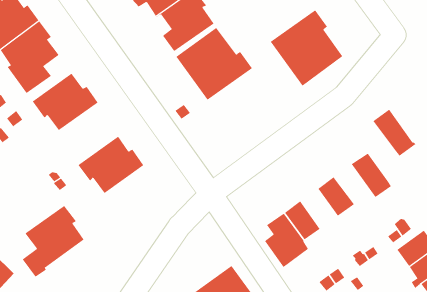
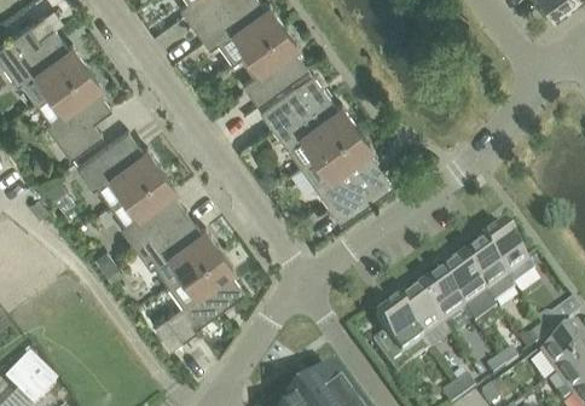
building: [270,10,343,87] -> [297,120,390,218]
building: none -> [109,163,185,243]
building: [372,109,416,156] -> [458,242,514,302]
building: none -> [416,273,463,324]
building: [22,205,85,277] -> [163,243,243,335]

